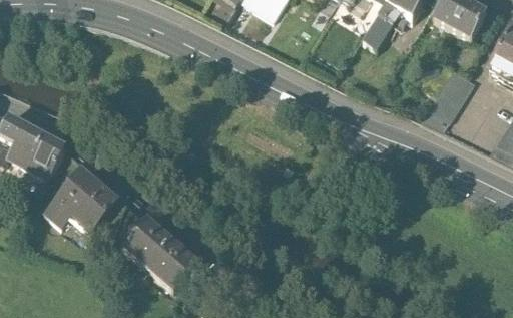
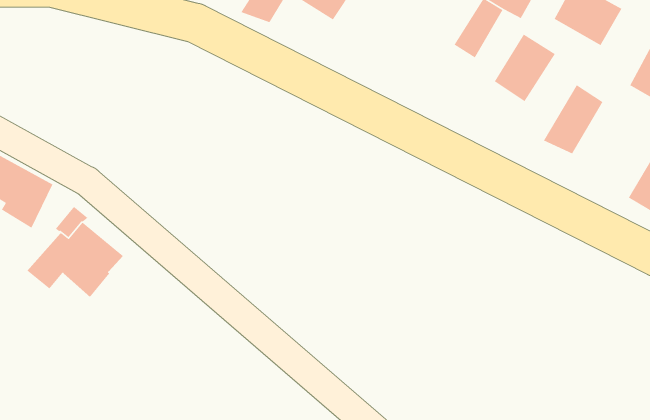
building: none -> [494,34,556,102]
building: [122,211,198,283] -> none

